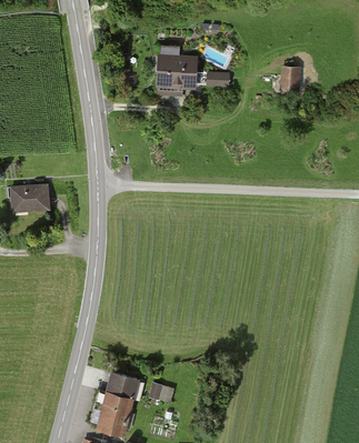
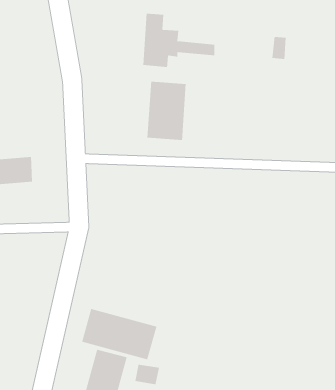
building: none -> [147,81,186,141]
building: none -> [82,308,157,360]

